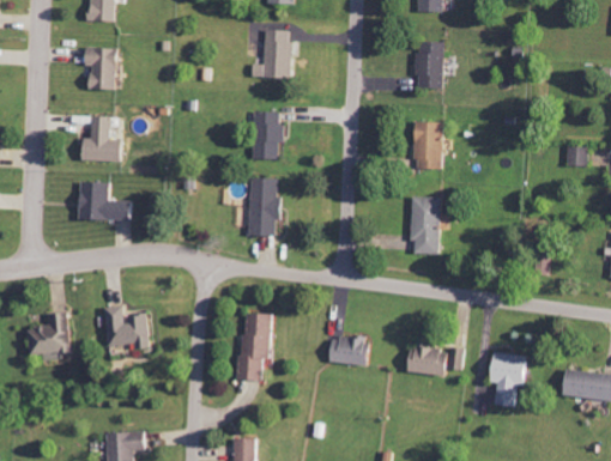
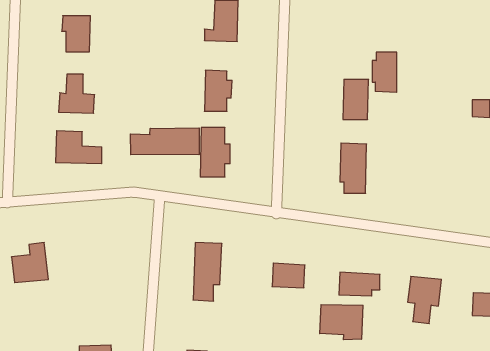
building: [413,41,442,87] -> [372,52,397,92]
building: none -> [130,128,199,155]
building: [103,304,150,348] -> none
building: none -> [320,305,363,340]

